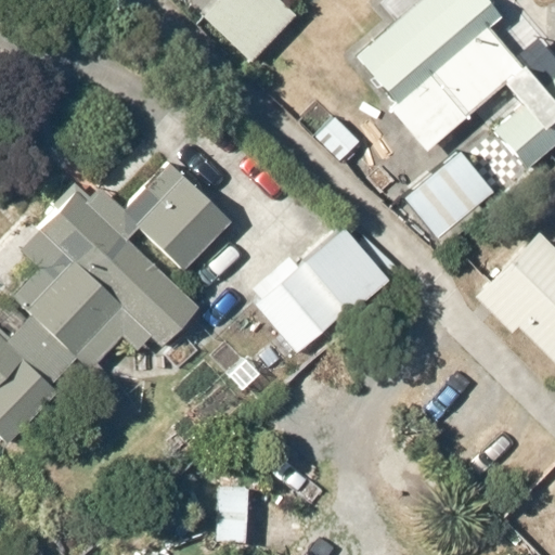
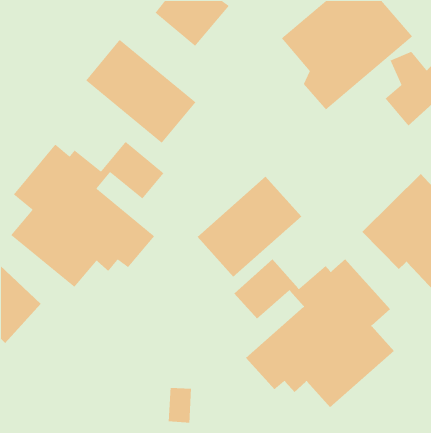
building: none -> [85,39,196,144]
building: [406,149,496,230] -> none
building: none -> [233,258,395,408]

